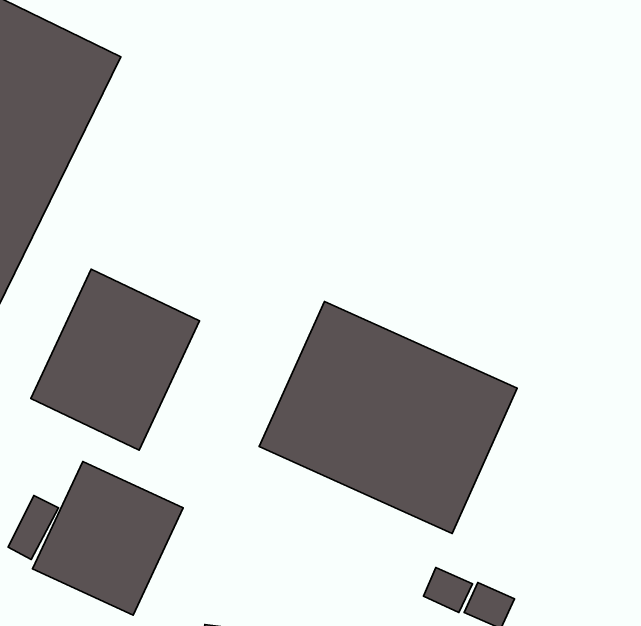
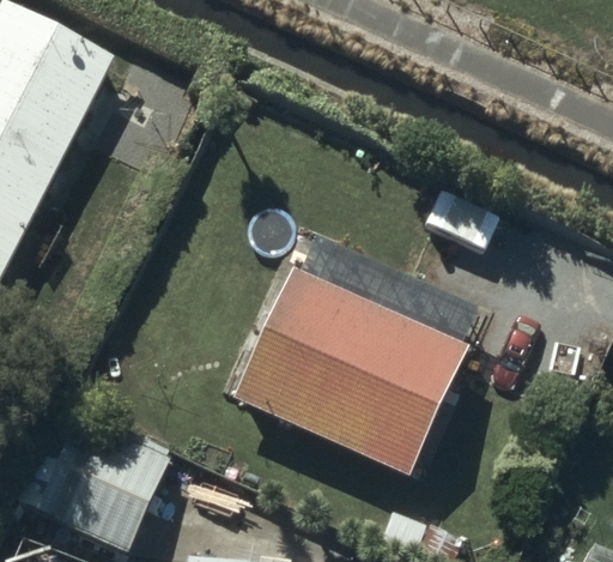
building: [31,269,200,450] -> none

